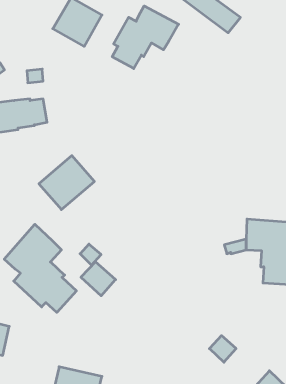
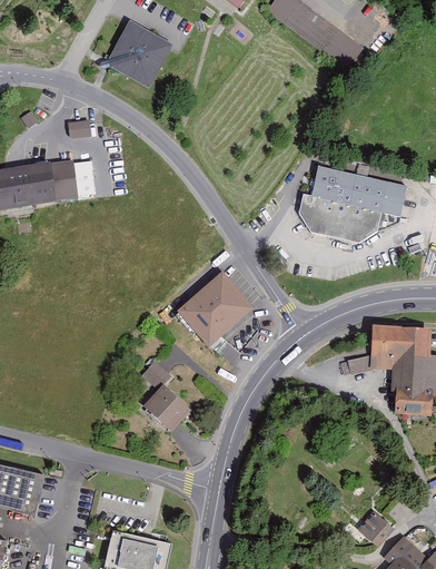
building: [112,6,179,69] -> none
building: none -> [298,165,407,243]
building: [39,156,94,210] -> [177,272,254,346]
building: [4,224,76,312] -> none
building: [209,336,236,362] -> [357,511,394,548]

